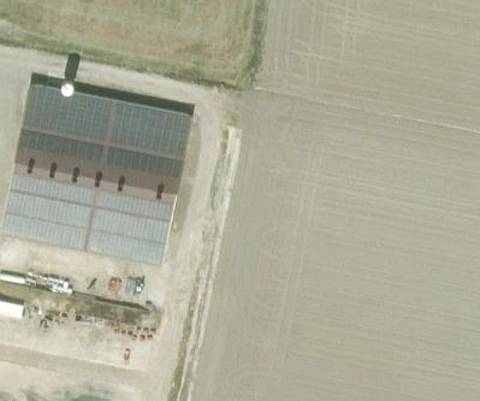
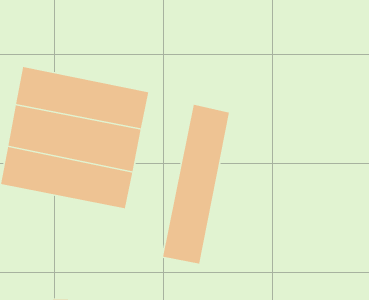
building: none -> [162,104,230,265]

